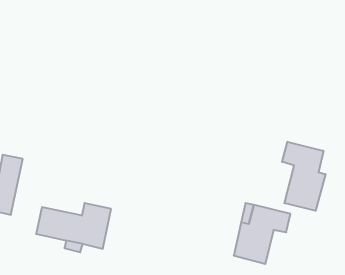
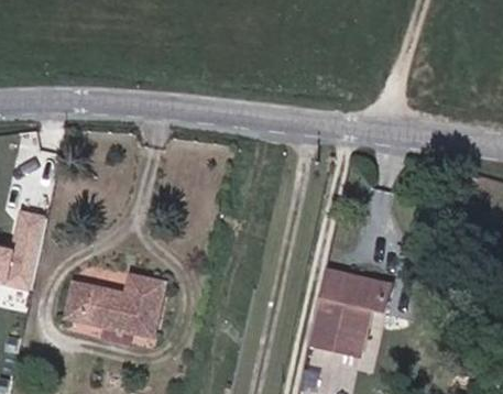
building: [282,142,326,211] -> none

